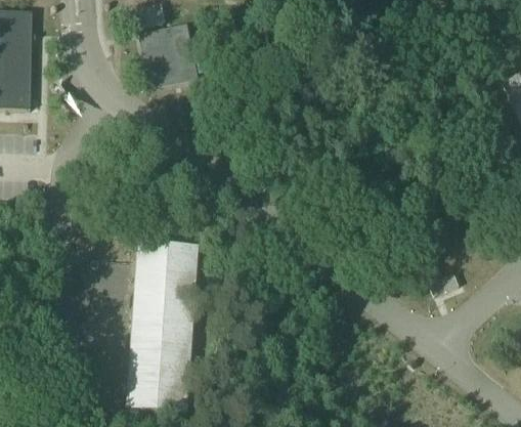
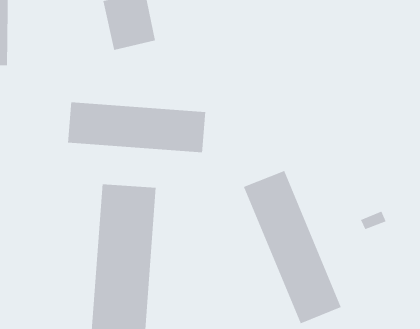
building: none -> [67,102,206,153]
building: none -> [243,170,342,324]

